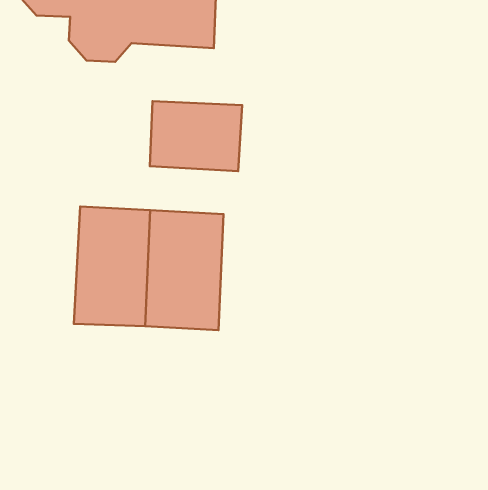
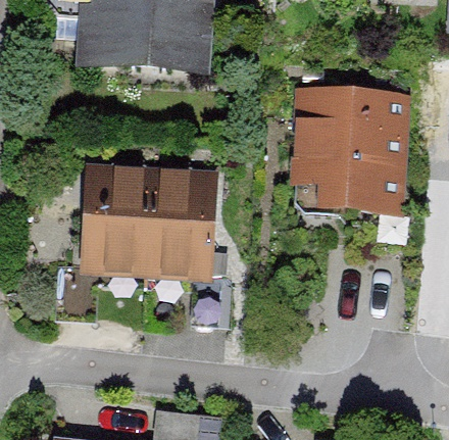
building: [150,101,242,171] -> none
building: none -> [299,97,404,211]

